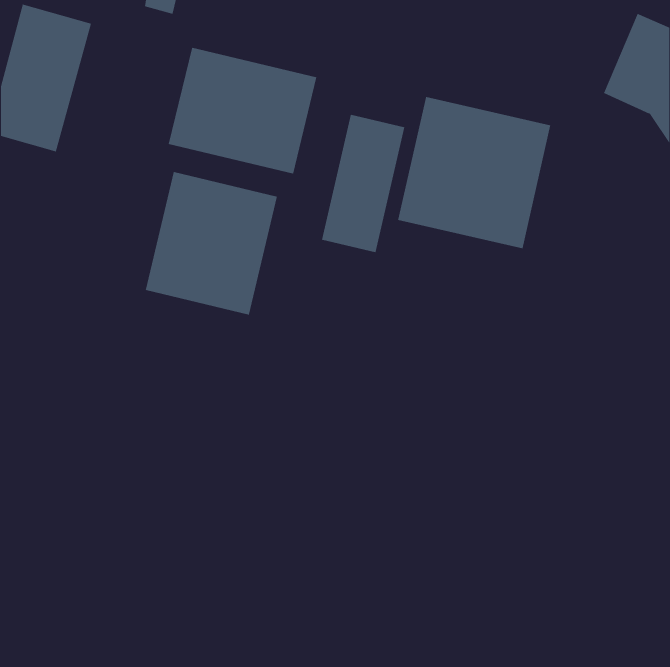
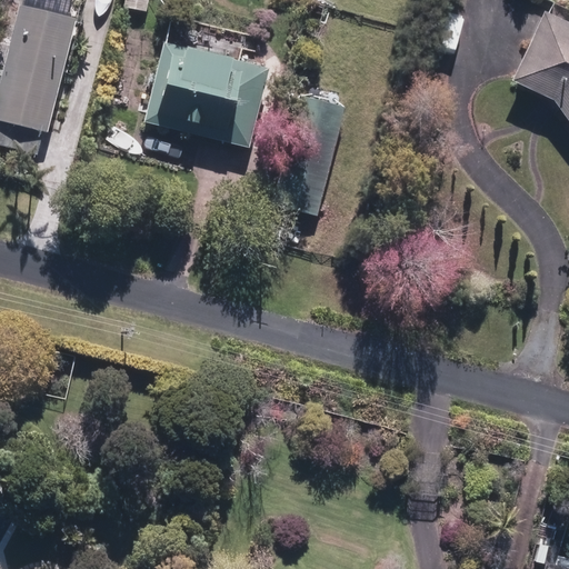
building: [398,96,551,249] -> none
building: [145,171,278,316] -> none

